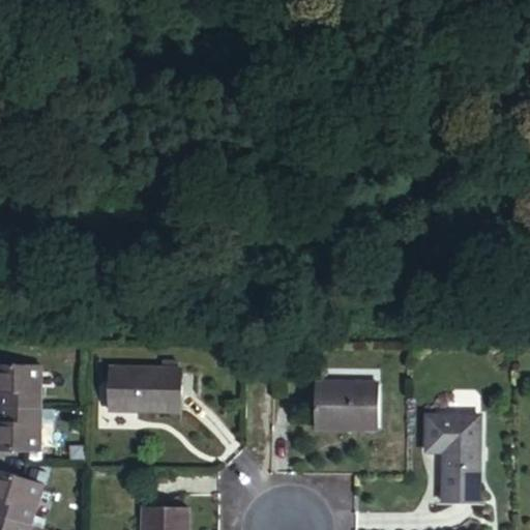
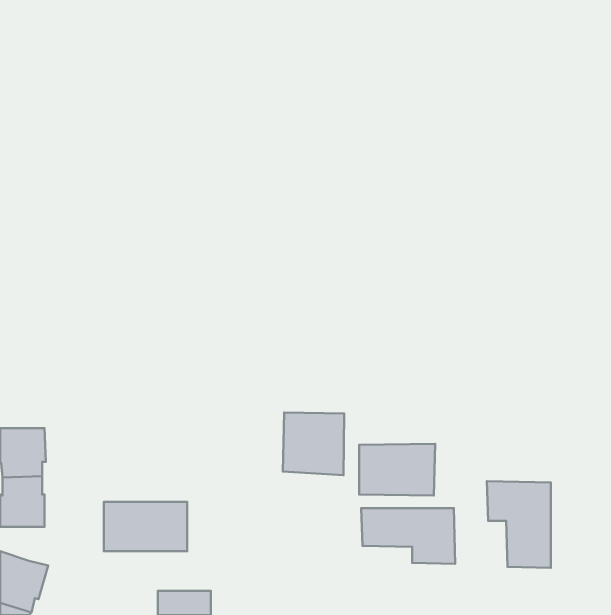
building: none -> [283,412,344,475]
building: [105,369,176,411] -> [104,502,187,551]
building: none -> [361,508,455,564]

